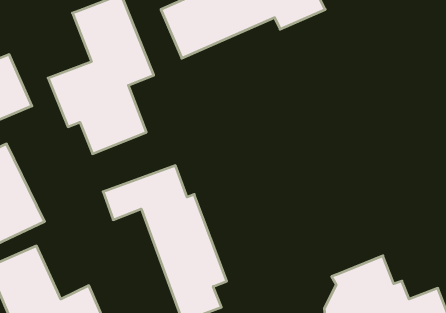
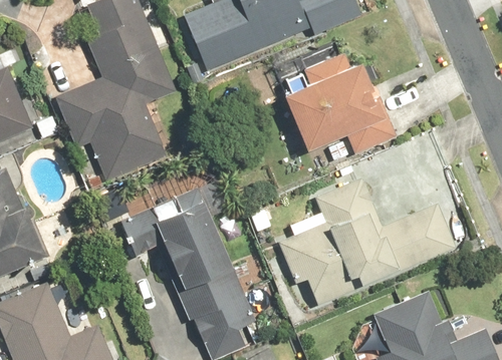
building: none -> [281,50,396,154]
building: none -> [279,176,458,306]

